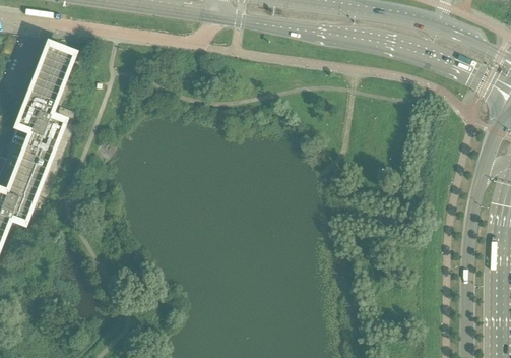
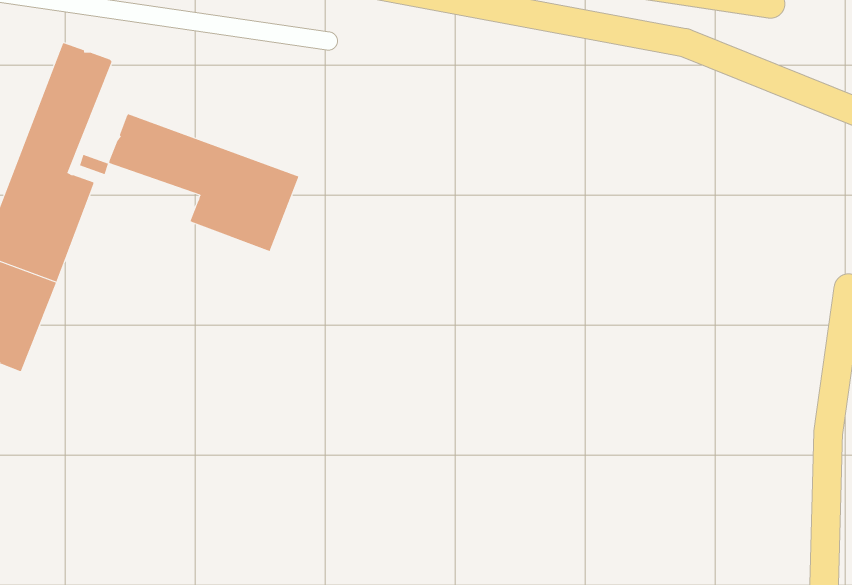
building: none -> [109,114,299,252]

